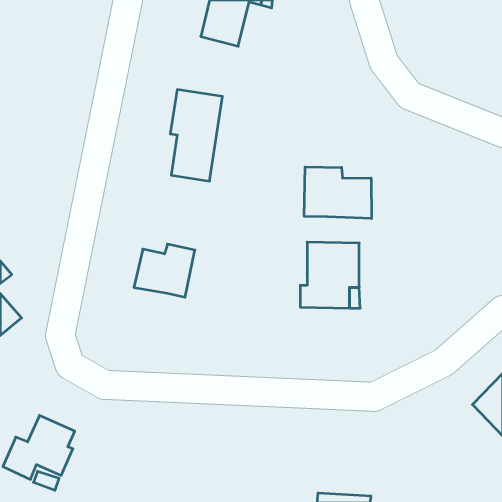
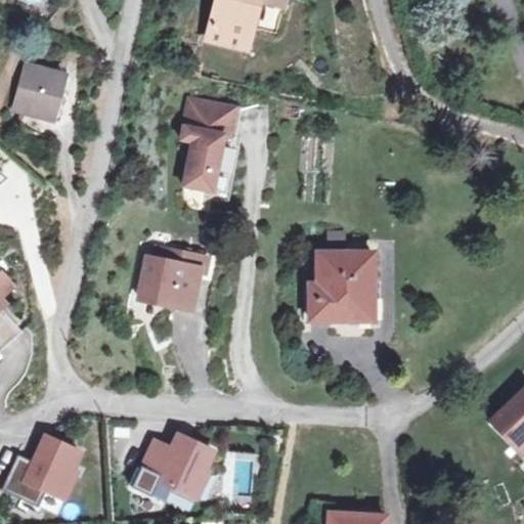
building: none -> [16,67,66,120]
building: [304,167,371,219] -> none
building: none -> [142,433,210,499]

